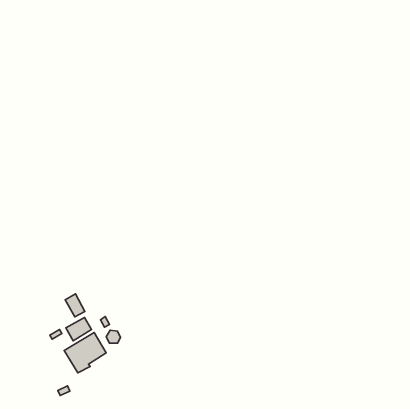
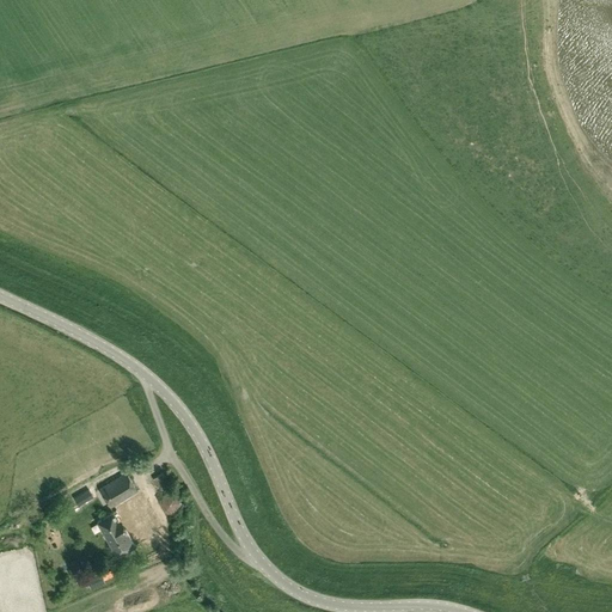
building: [65,294,85,317] -> none

